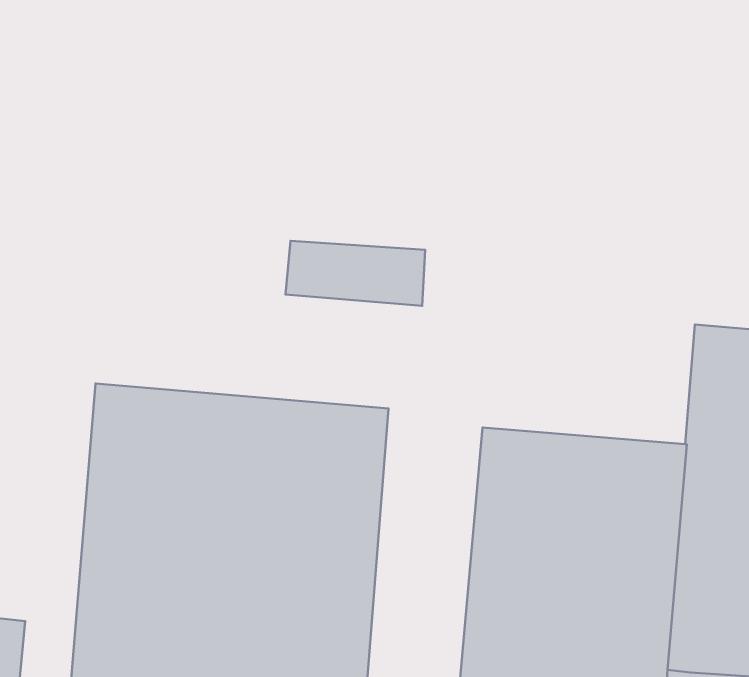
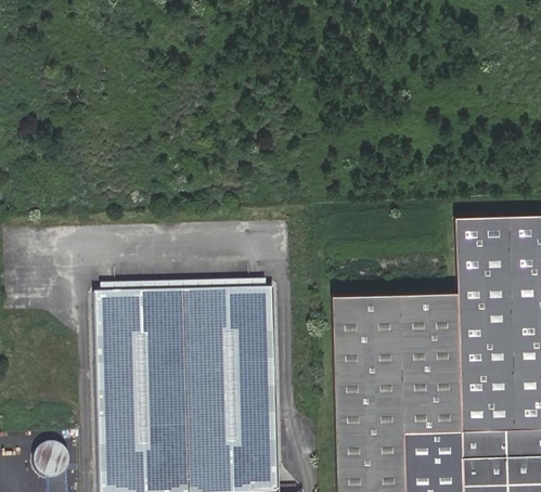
building: [286,241,425,306] -> none

